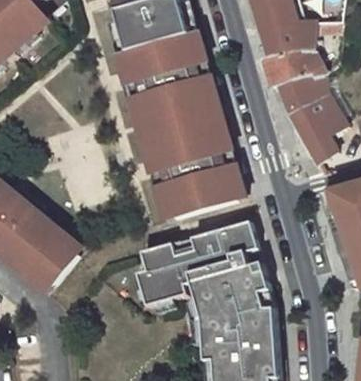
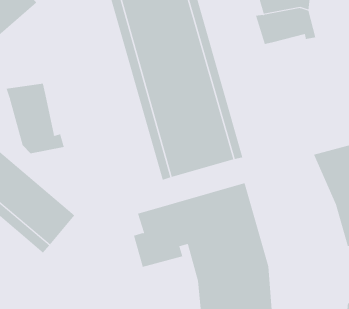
building: [277,72,344,162] -> none
building: none -> [6,83,64,154]

